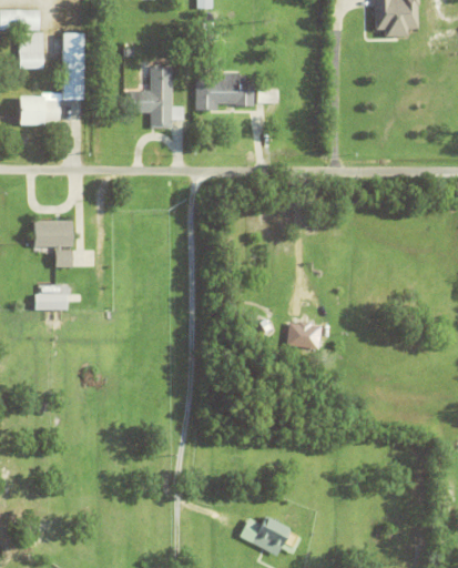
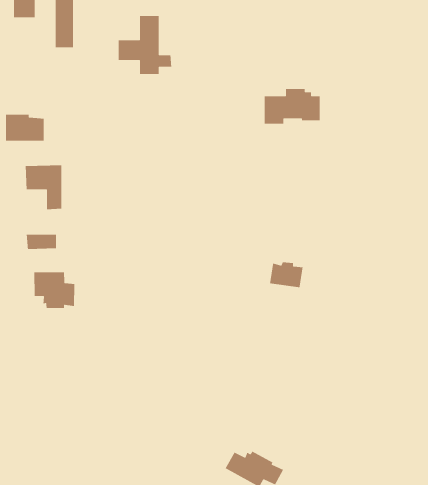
building: [196,71,255,109] -> [264,88,320,124]
building: [19,94,60,123] -> [5,114,44,142]
building: none -> [34,271,75,309]

